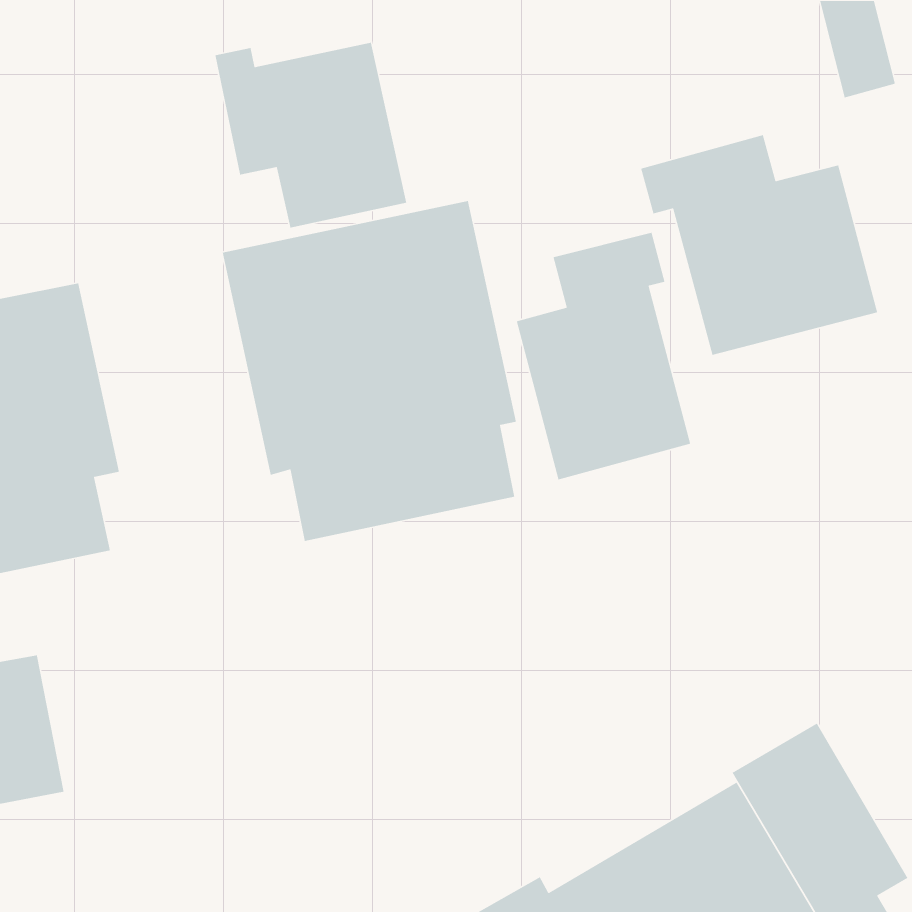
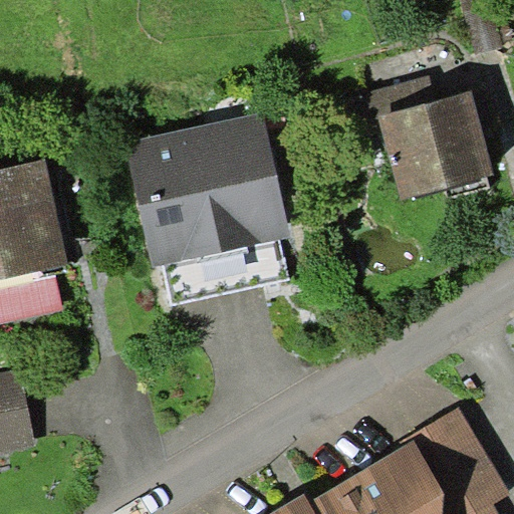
building: [214,42,407,228] -> none
building: [516,232,691,481] -> none

